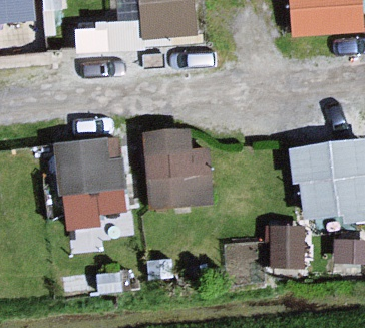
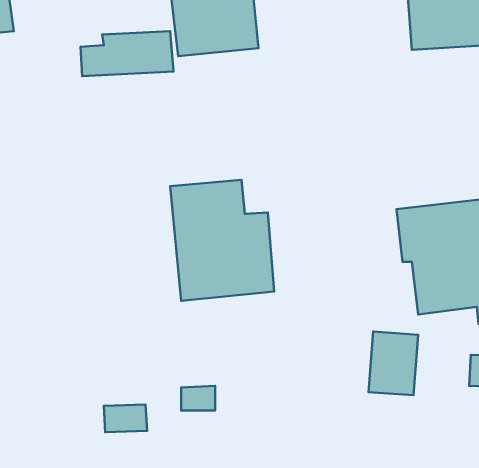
building: [58,134,124,225] -> none

